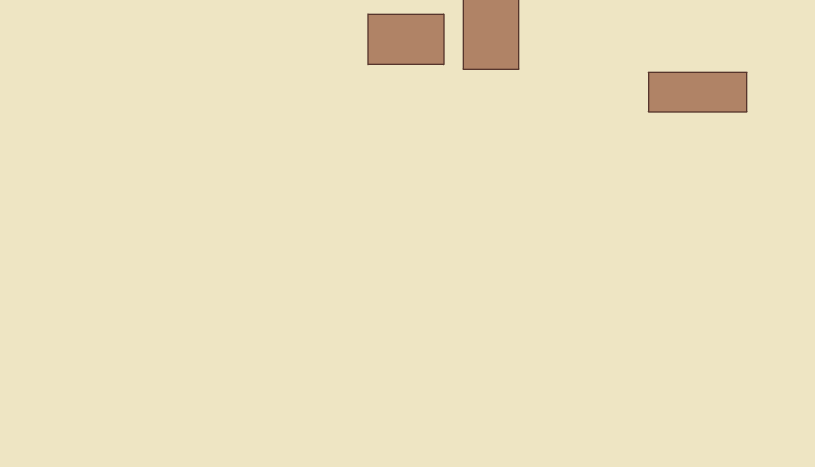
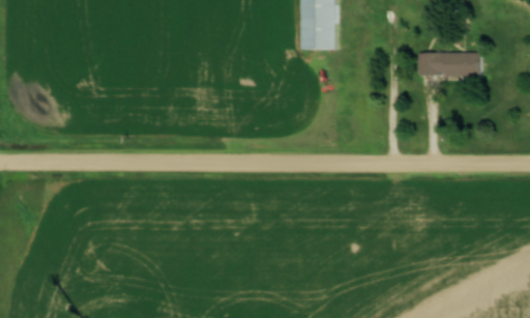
building: [368,14,444,65] -> none

